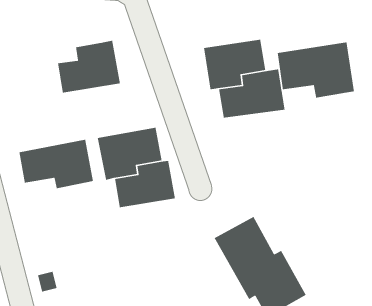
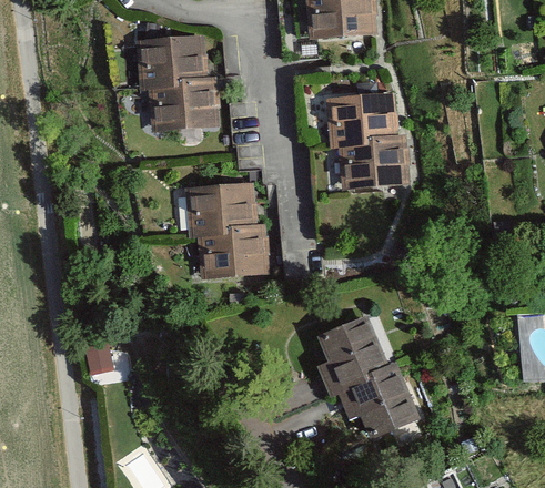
building: none -> [131,35,206,94]
building: [277,42,355,99] -> none
building: [19,139,94,189] -> none

